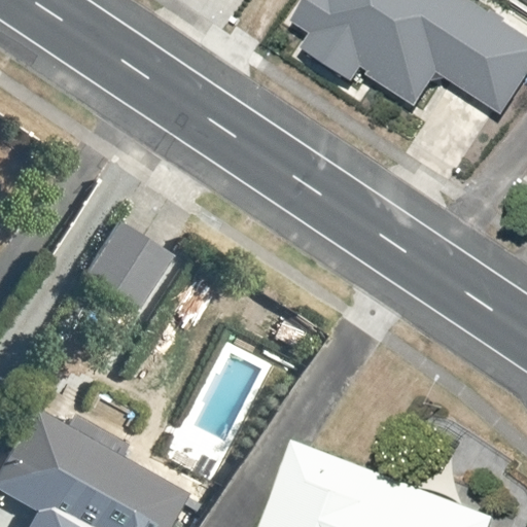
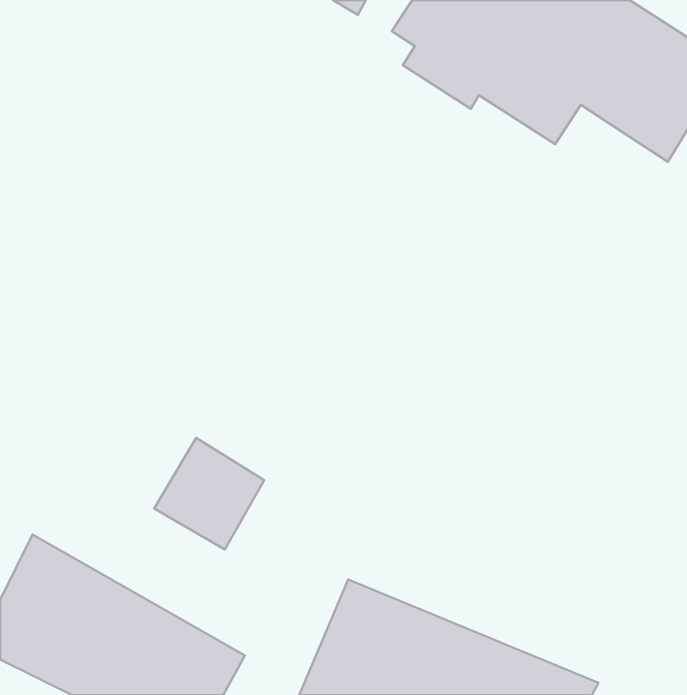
building: [89,223,172,308] -> [154,438,264,549]

